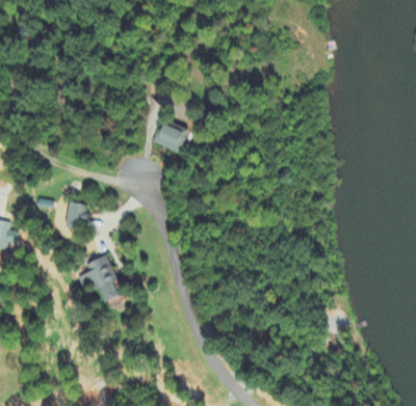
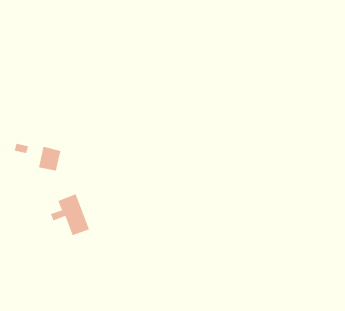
building: [154,119,189,152] -> none

